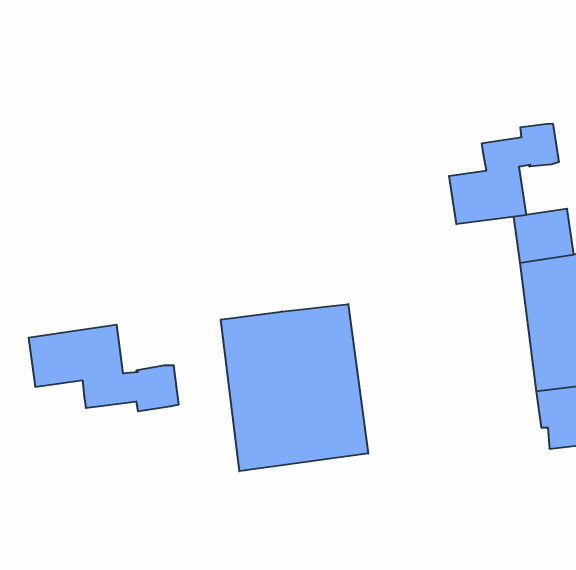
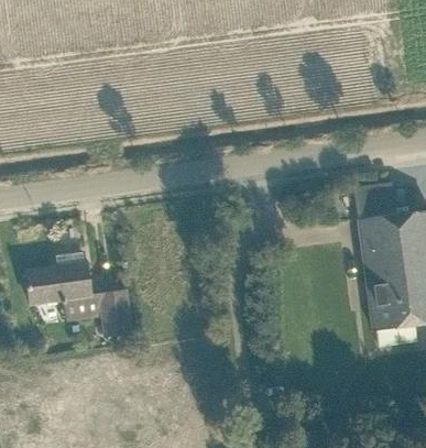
building: [449,124,559,224] -> none
building: [221,304,368,471] -> none

